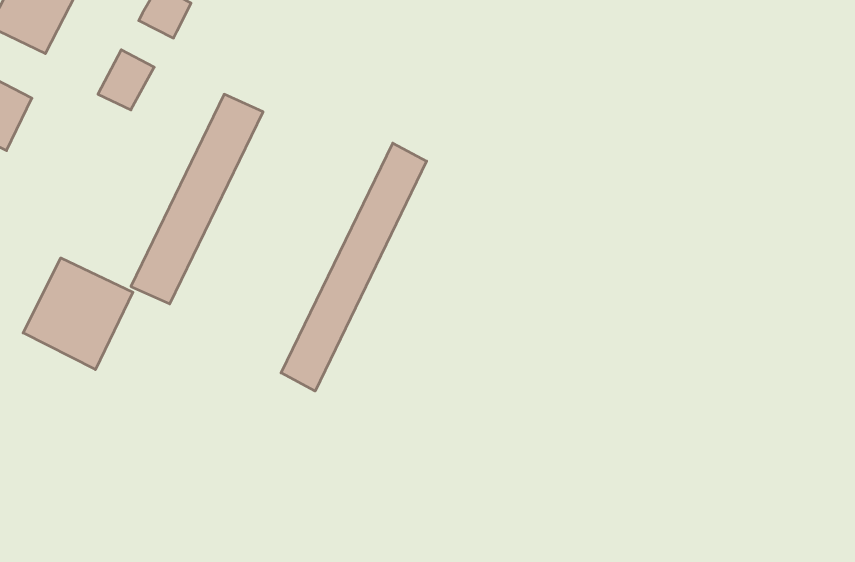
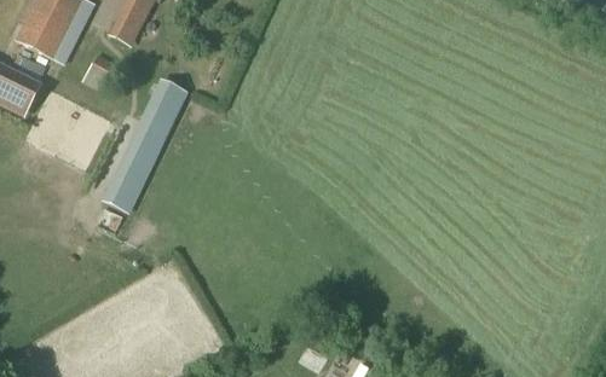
building: [281,143,427,391] -> none
building: [23,258,133,370] -> none

